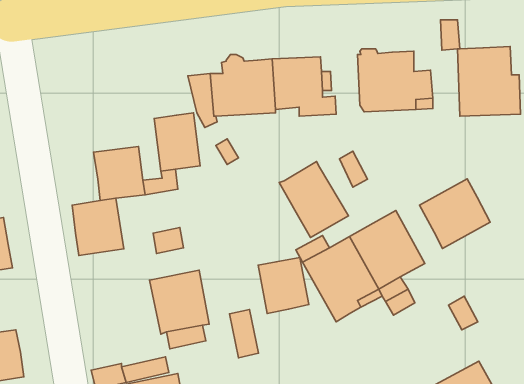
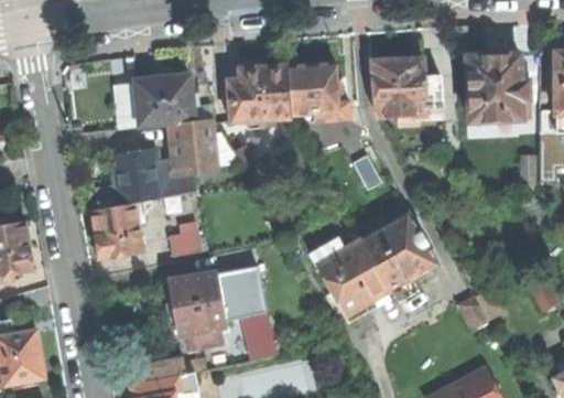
building: none -> [133,74,192,127]
building: [279,161,348,238] -> none
building: [419,179,490,248] -> none
building: [258,257,309,314] -> [214,265,263,320]

